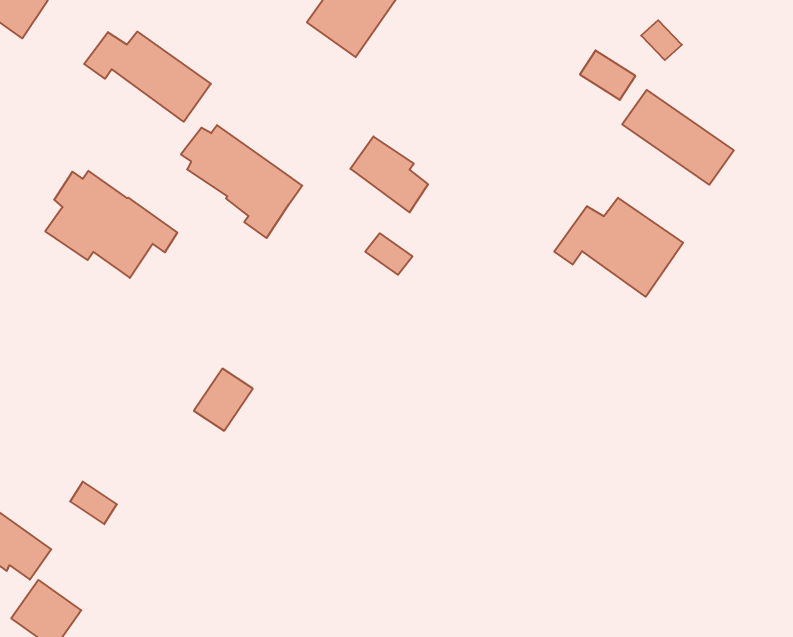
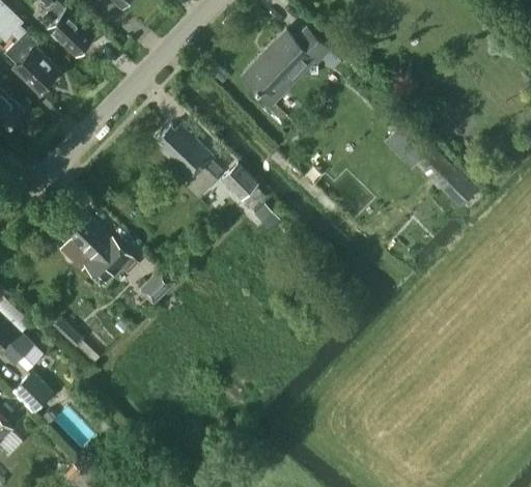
building: [84,32,211,122] -> none
building: [350,136,428,212] -> [222,165,266,212]
building: [45,171,177,278] -> [60,218,137,285]
building: [554,198,683,297] -> none

